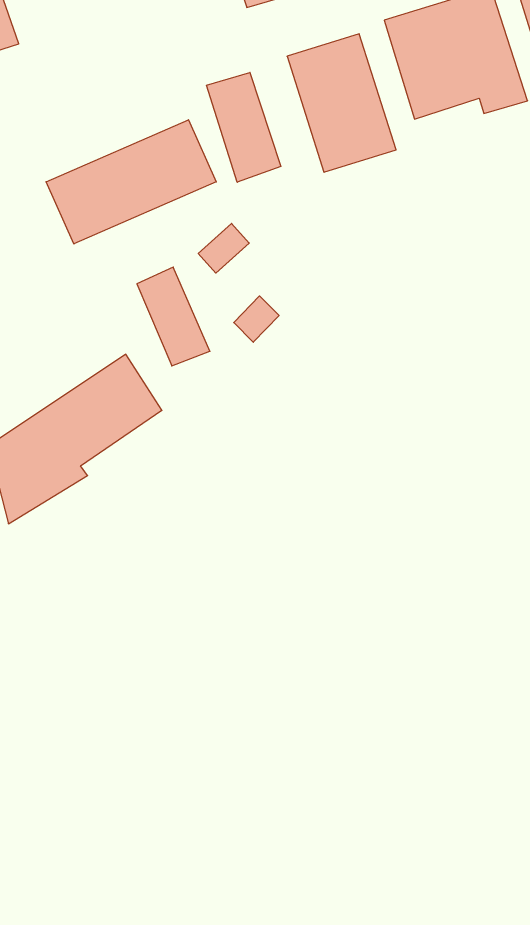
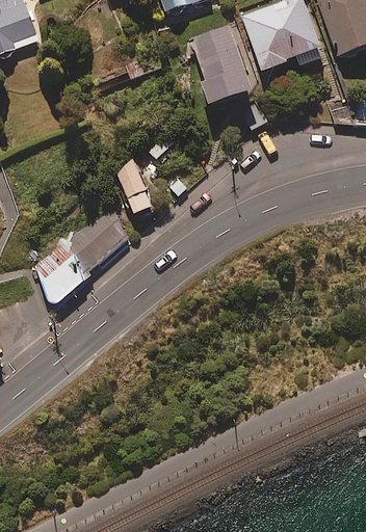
building: [206,72,281,182] -> none
building: [46,120,216,244] -> none

